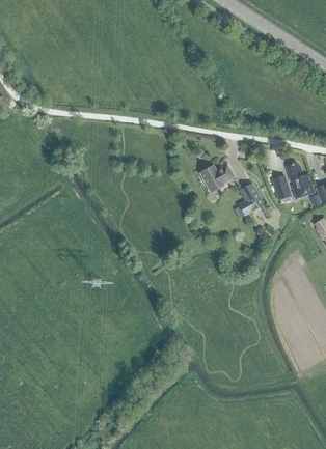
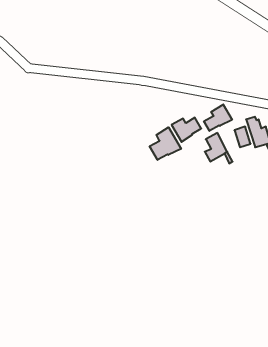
building: none -> [204,104,232,131]
building: none -> [150,127,181,160]

